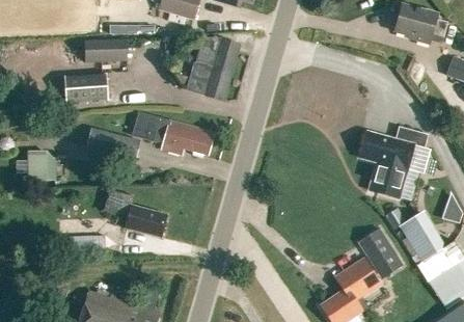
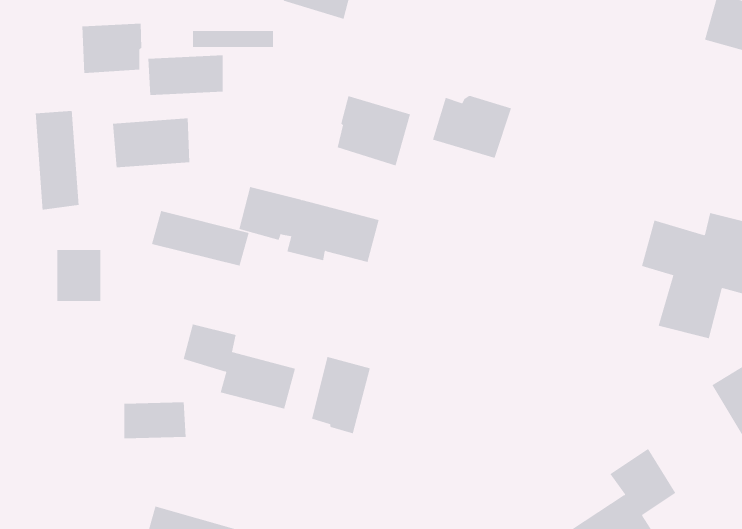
building: none -> [82,23,142,74]
building: [195,36,240,72] -> [432,95,512,158]
building: none -> [35,110,79,211]
building: none -> [312,356,371,434]
building: [357,225,403,276] -> none

